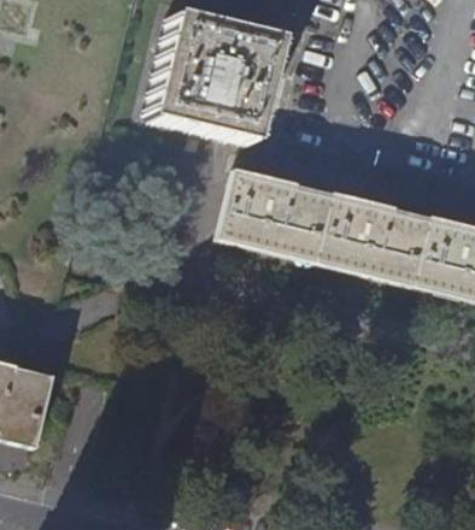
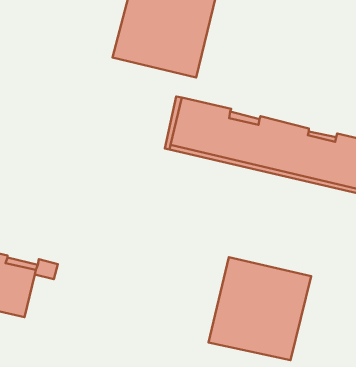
building: none -> [208,257,311,360]

